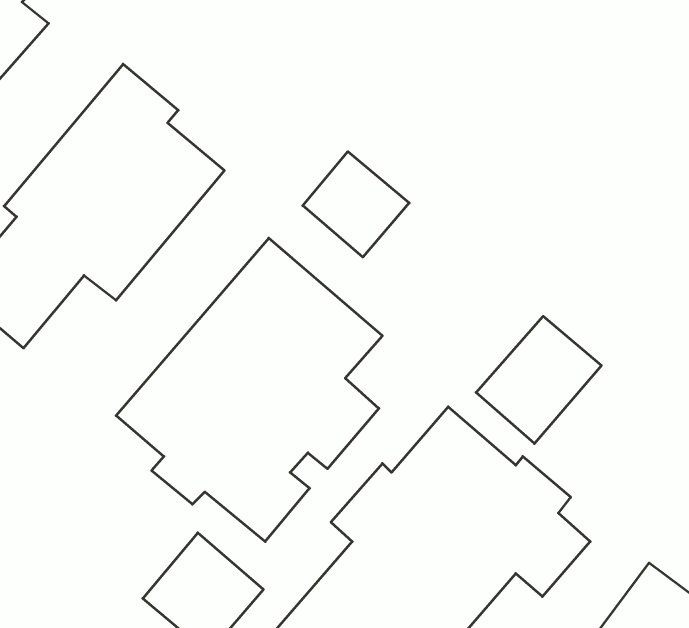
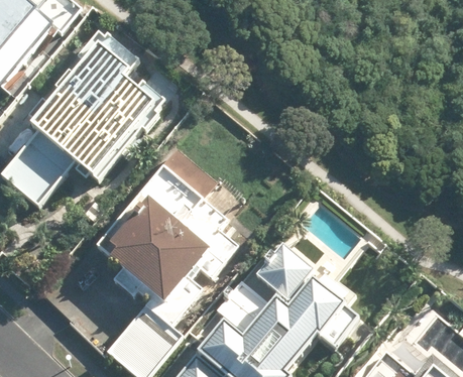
building: [303,152,409,257] -> none
building: [476,316,601,444] -> none

